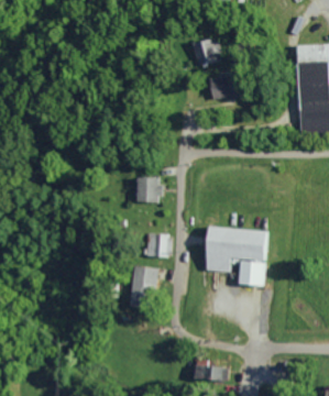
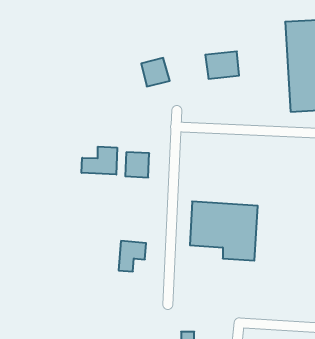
building: [196,37,224,66] -> [141,58,170,86]
building: none -> [82,147,117,175]
building: [146,233,166,255] -> none

